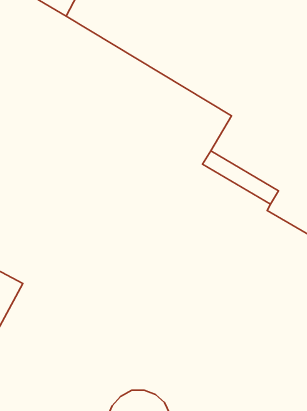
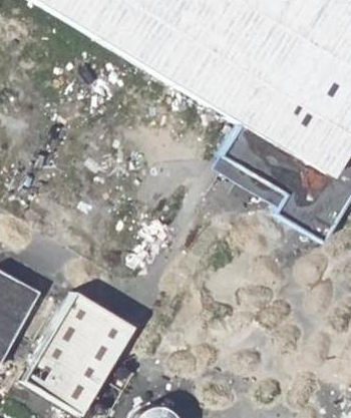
building: none -> [25,298,119,407]

